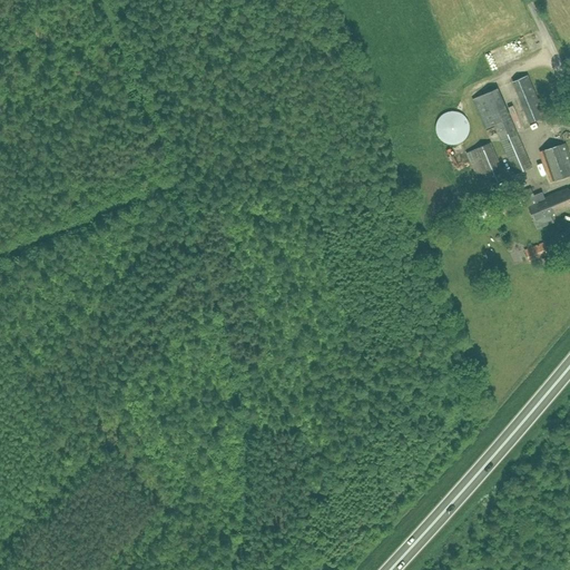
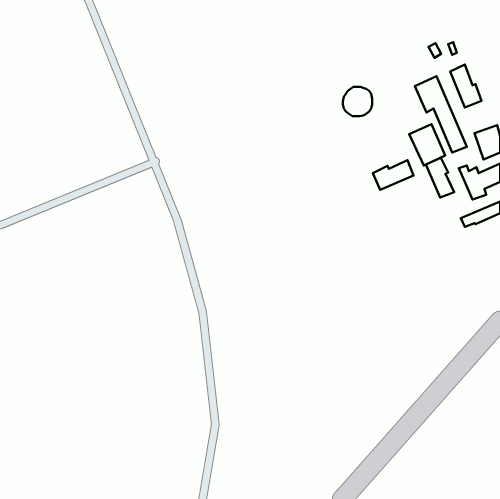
building: [435,110,469,144] -> [343,87,372,116]
building: none -> [426,158,454,197]
building: none -> [373,160,413,190]

